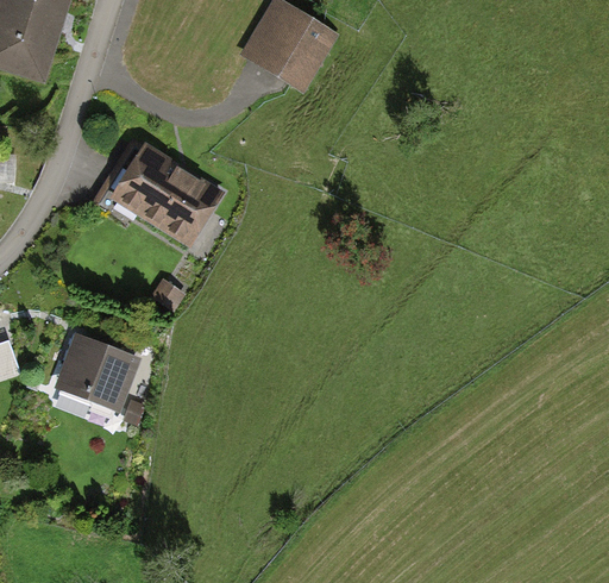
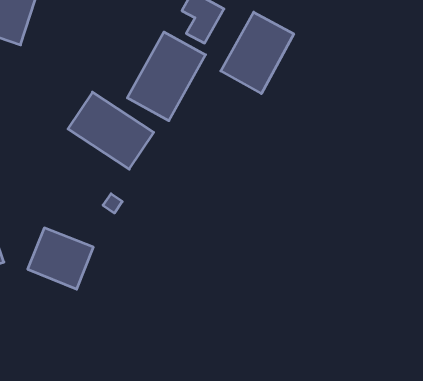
building: none -> [221,12,294,94]
building: none -> [127,32,206,121]

